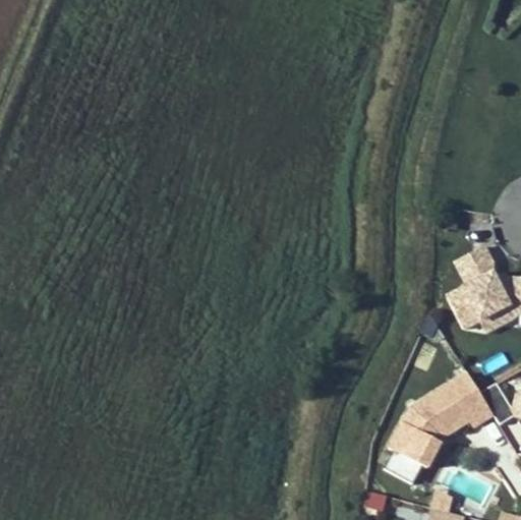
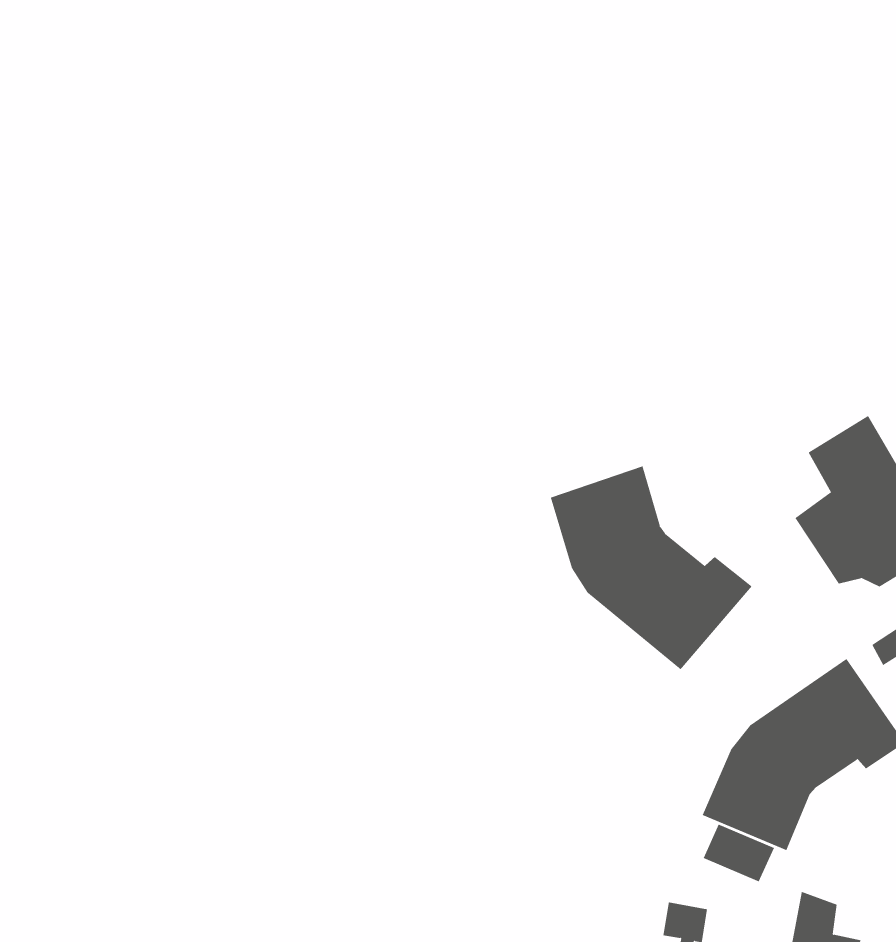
building: none -> [550,466,753,670]

